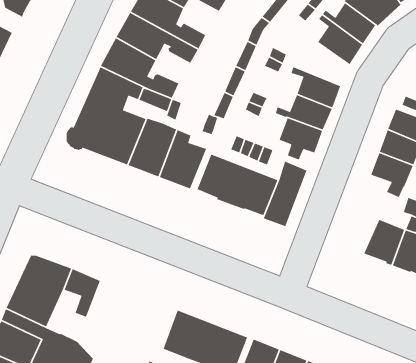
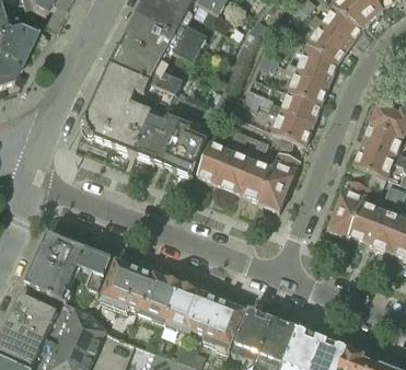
building: none -> [297,42,337,82]
building: none -> [328,177,371,236]
building: none -> [102,259,181,321]

